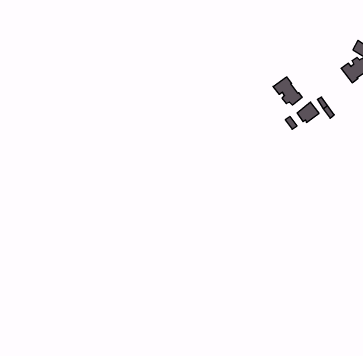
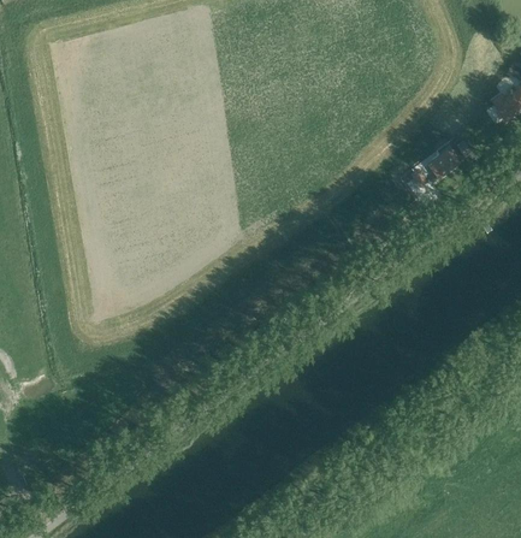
building: [273,77,302,105] -> none

